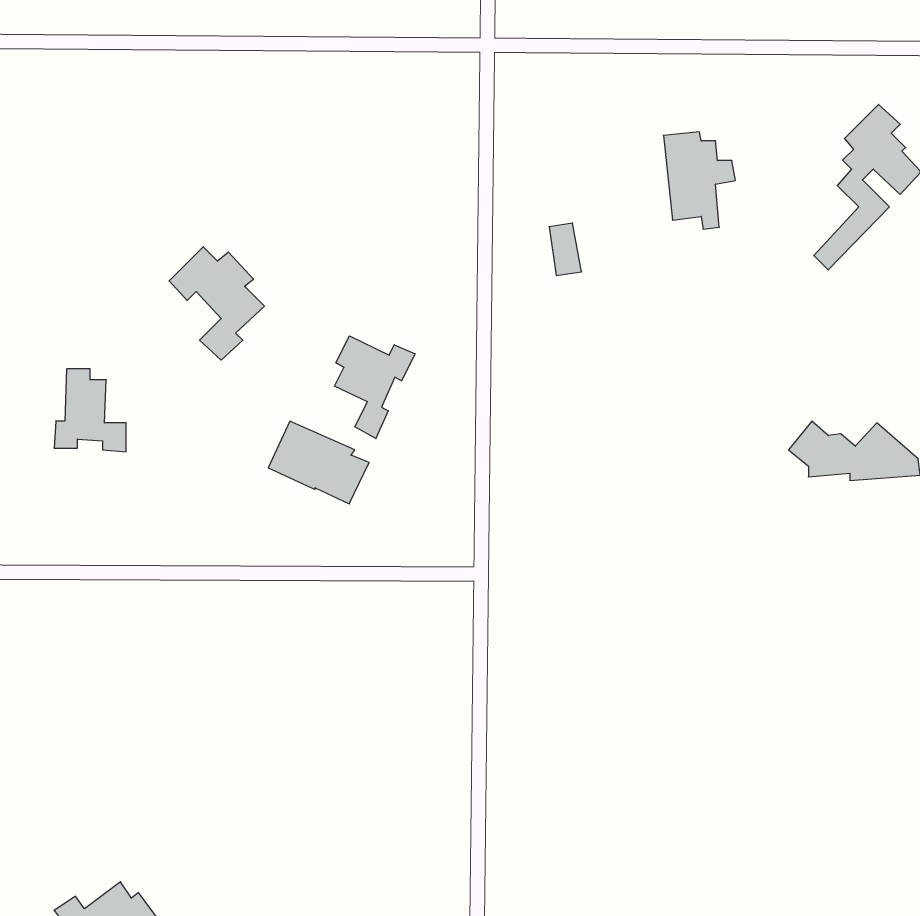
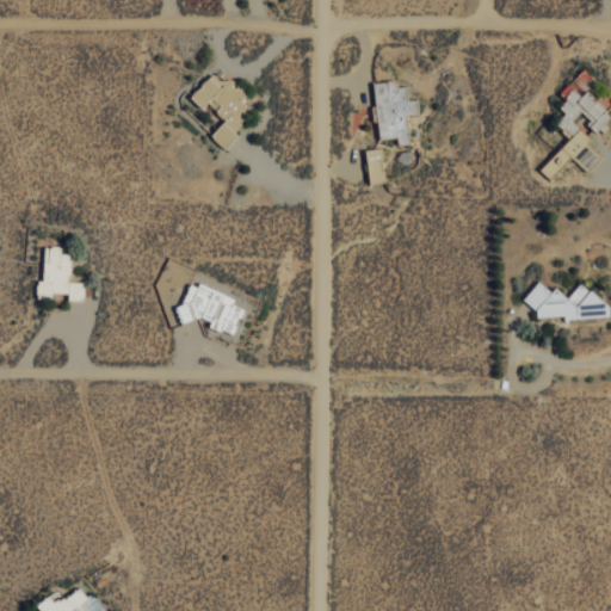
building: [663,132,735,229] -> [371,82,419,147]
building: [169,247,264,360] -> [190,75,253,150]
building: [334,336,415,439] -> none

